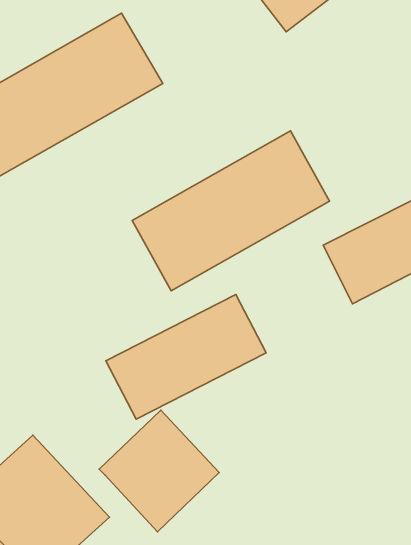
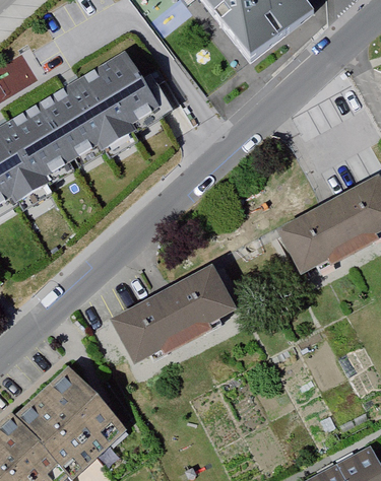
building: [132,131,329,291] -> none
building: [99,410,219,532] -> none

